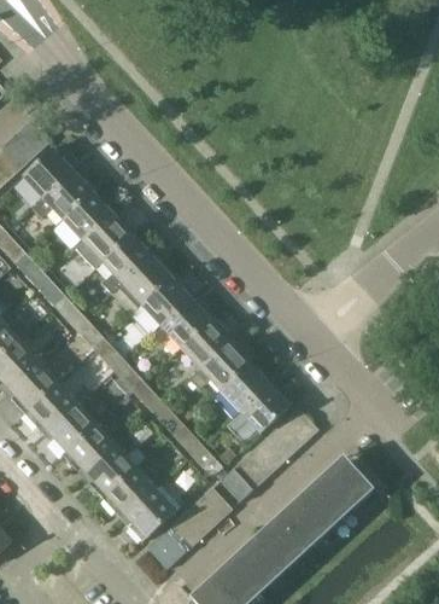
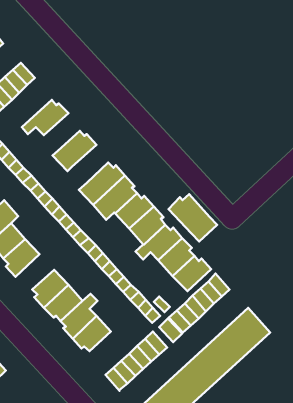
building: [24,146,74,198] -> none
building: [63,188,112,240] -> none
building: [101,232,151,294] -> none
building: none -> [168,194,217,242]
building: [24,382,77,430] -> none
building: [125,483,180,540] -> none

